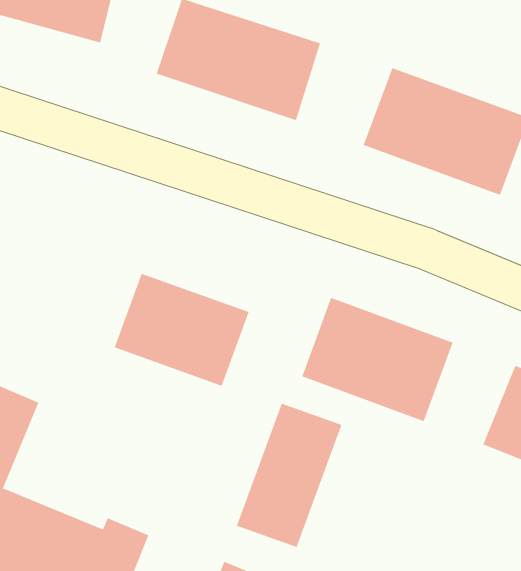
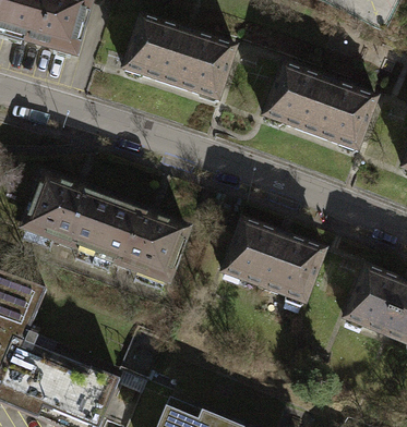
building: none -> [22,176,112,253]
building: [236,403,342,548] -> none

